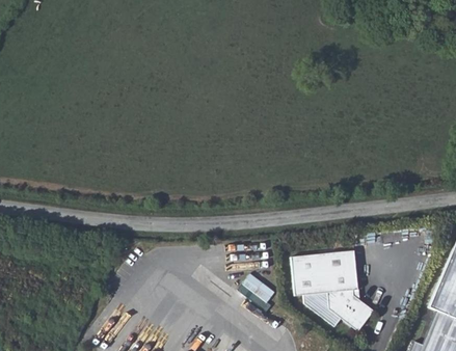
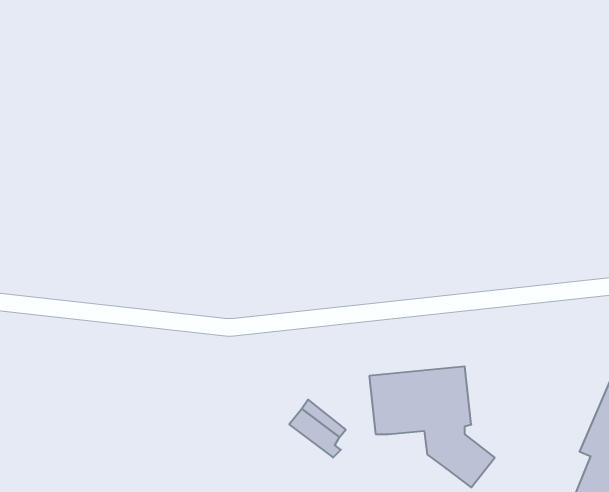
building: [302,293,341,326] -> none

